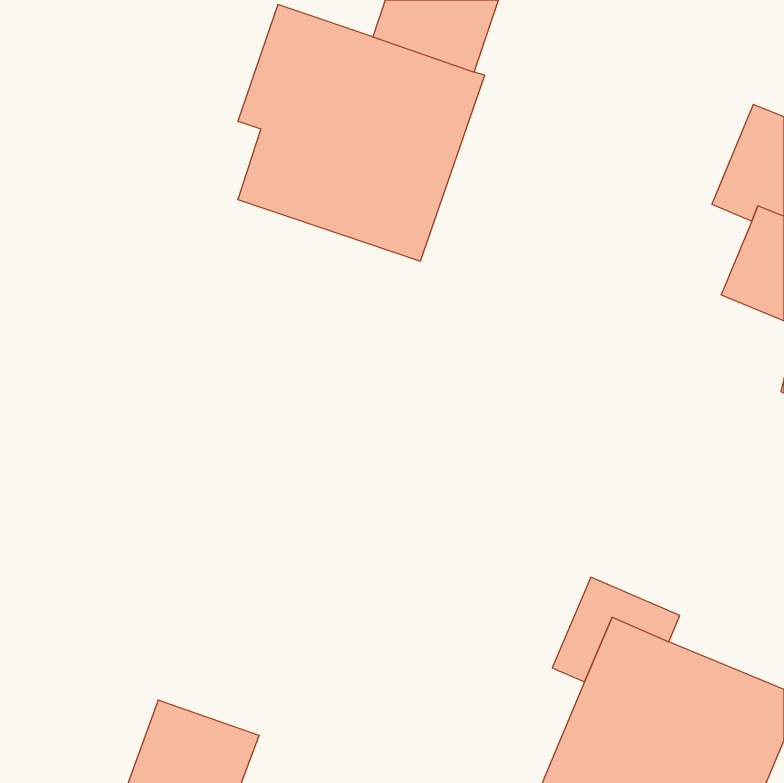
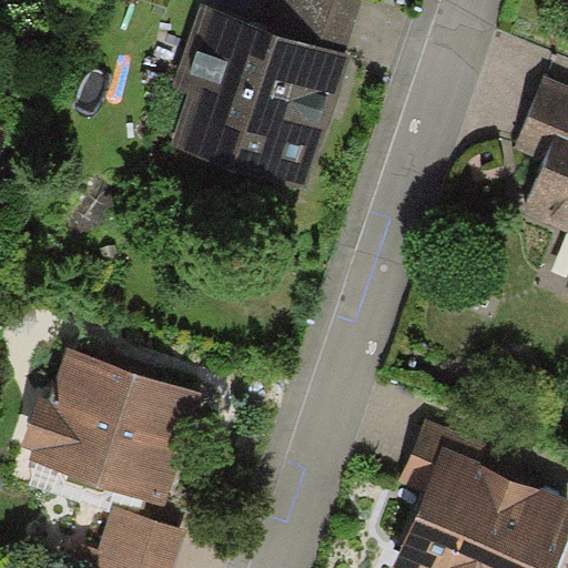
building: none -> [22,348,204,508]

